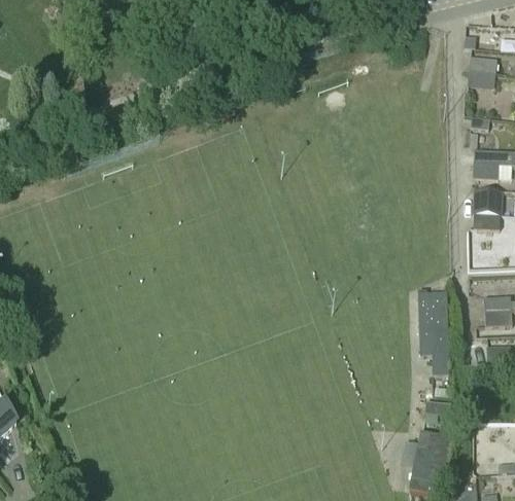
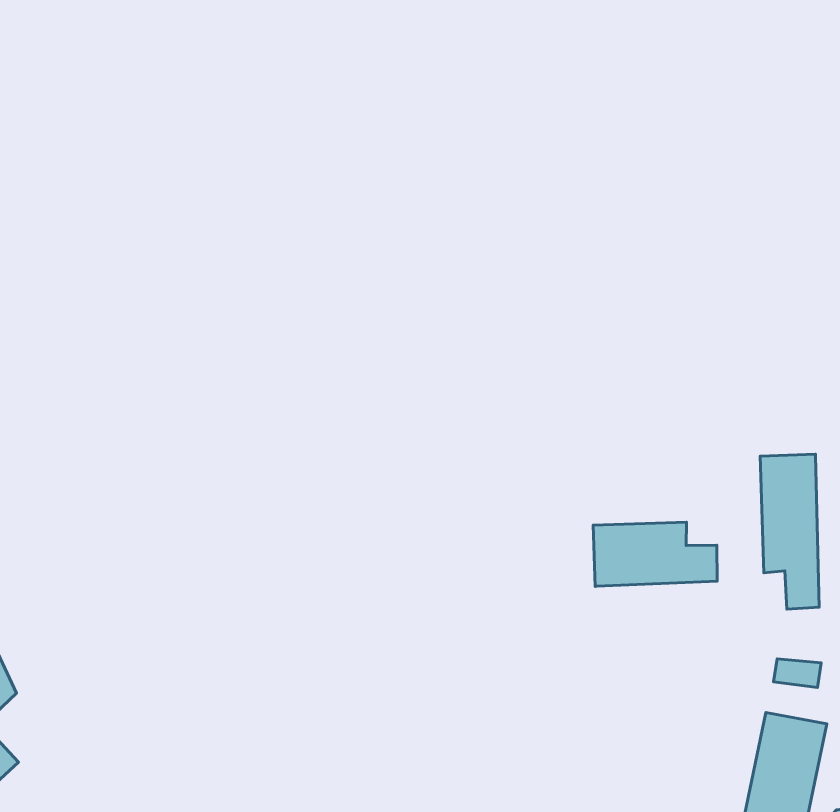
building: none -> [593,522,717,586]

